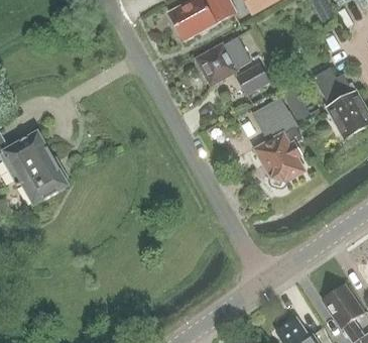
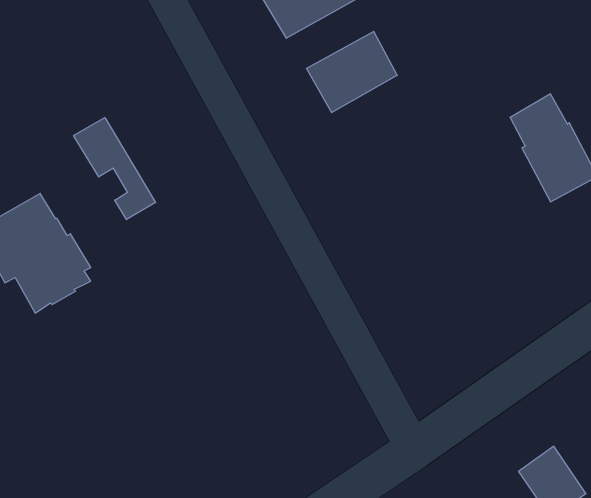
building: [236,64,270,96] -> none
building: none -> [74,118,156,220]
building: [252,97,305,187] -> none

